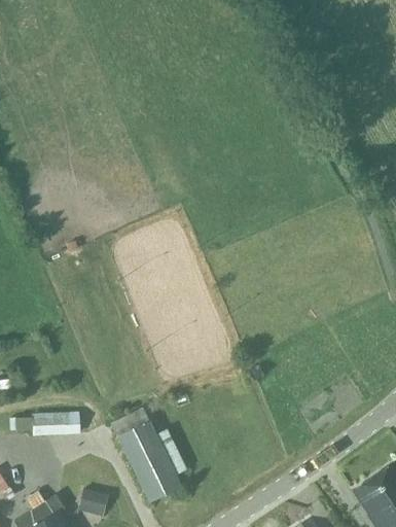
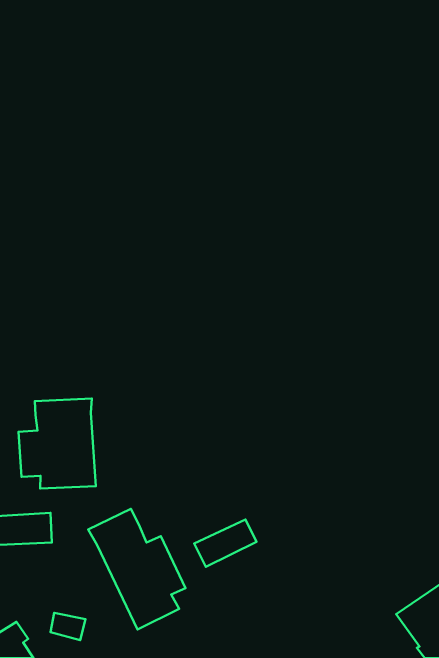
building: none -> [19,399,96,489]
building: none -> [194,520,256,567]

